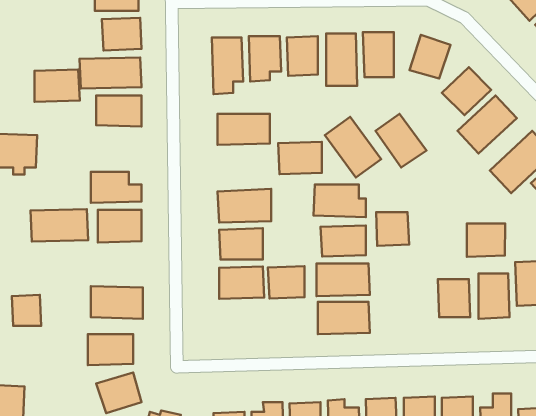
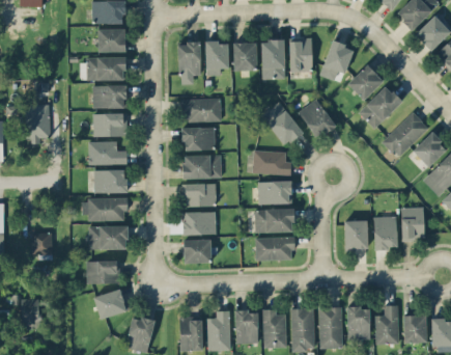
building: [35,69,80,102] -> [93,112,126,136]
building: [278,142,322,174] -> [182,127,215,151]
building: [30,209,88,242] -> [84,197,126,221]
building: [376,212,409,246] -> none
building: [467,223,505,257] -> none
building: [268,266,305,299] -> [184,239,210,263]

